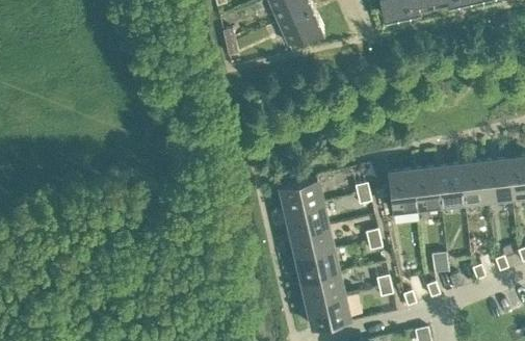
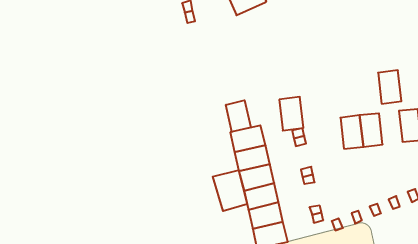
building: none -> [226,100,251,132]
building: [460,162,488,203] -> [378,70,401,104]
building: [388,170,417,211] -> [279,97,303,131]
building: none -> [213,170,247,211]

